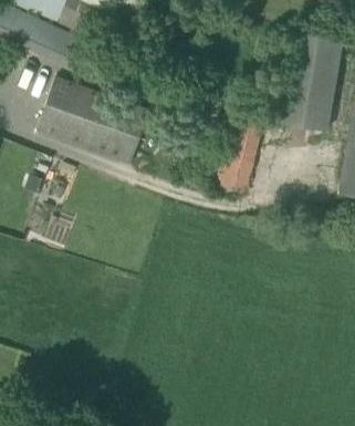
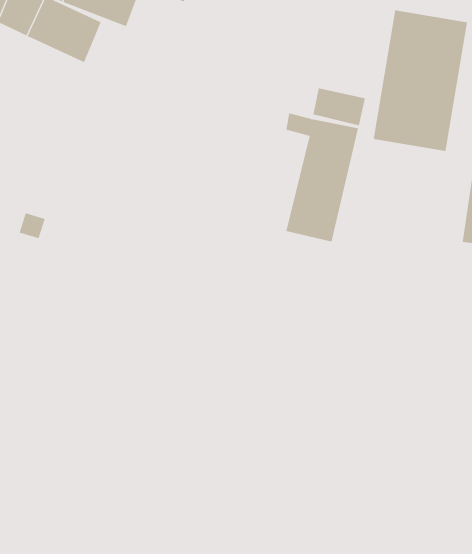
building: [36,76,149,163] -> none
building: none -> [313,87,366,126]

